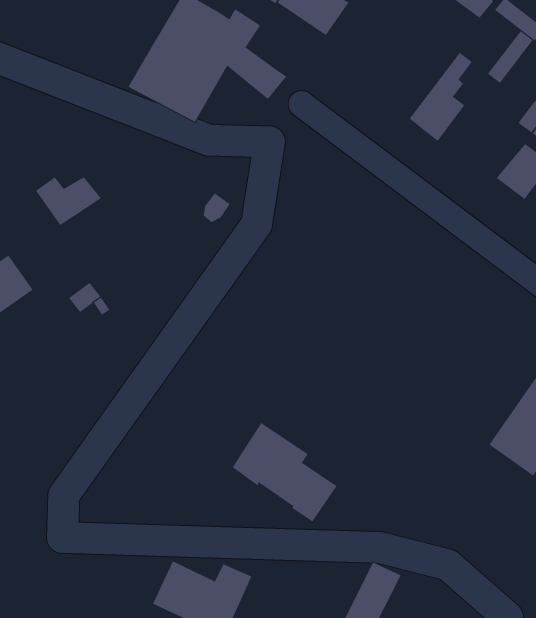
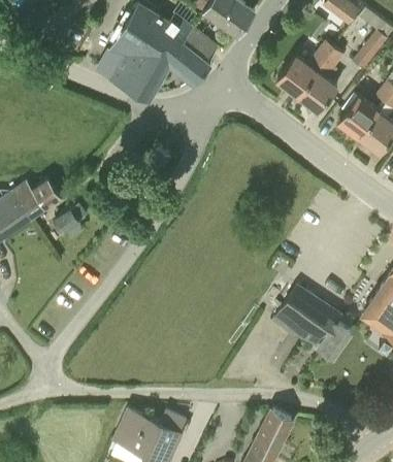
building: none -> [182,29,216,61]
building: none -> [277,41,333,95]
building: none -> [338,96,380,137]
building: [35,176,102,226] -> [12,182,60,217]
building: [232,422,338,522] -> [275,287,351,358]

